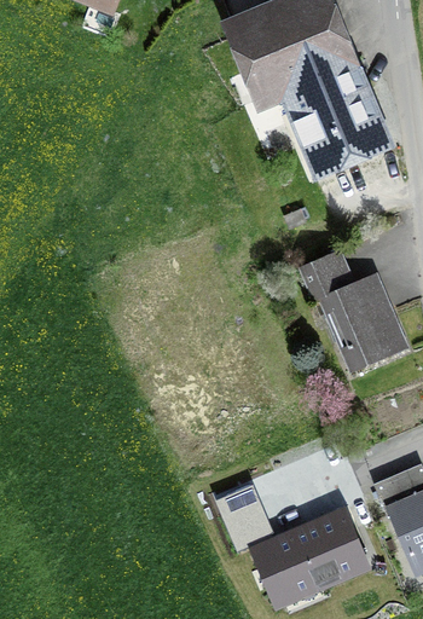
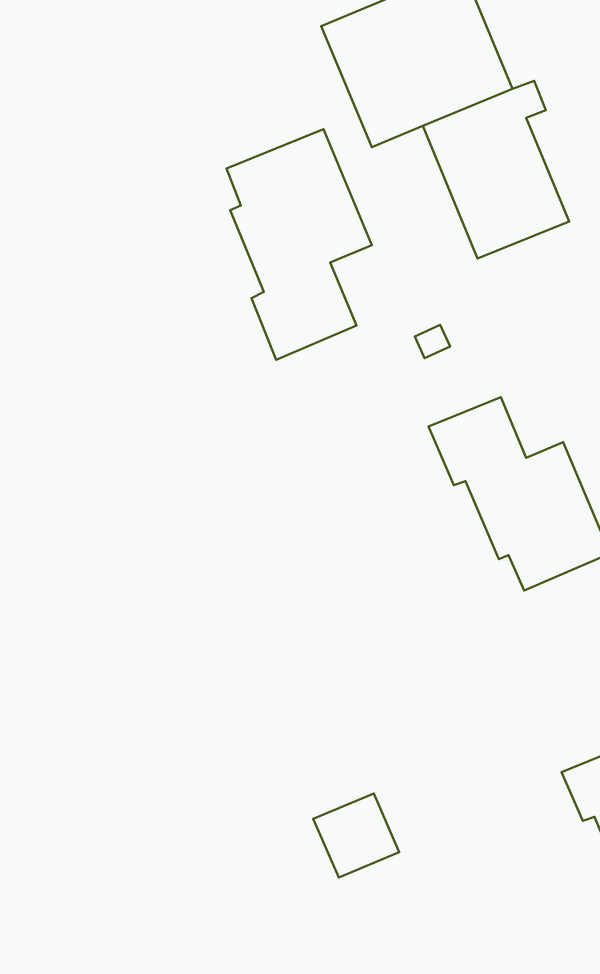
building: none -> [226,129,372,360]
building: [262,513,366,596] -> none

